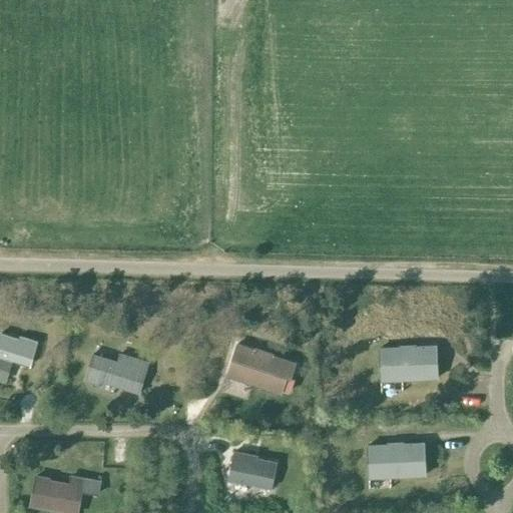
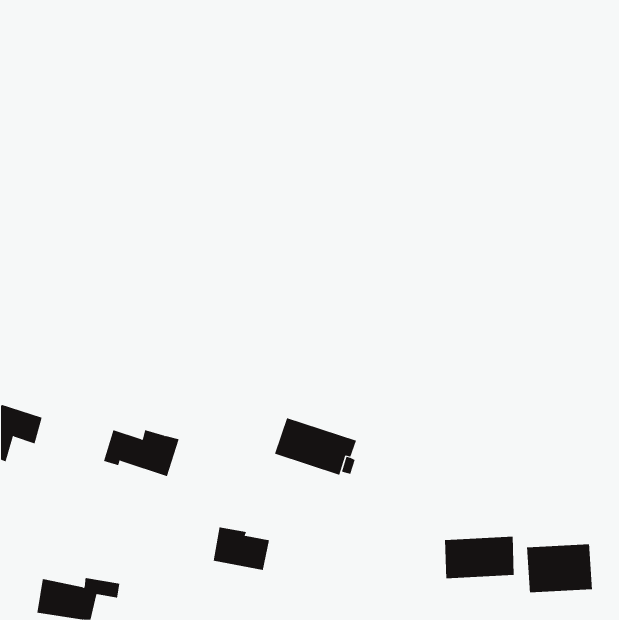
building: [380,347,438,381] -> none
building: none -> [526,544,593,593]
building: [229,452,277,488] -> [213,527,270,571]

